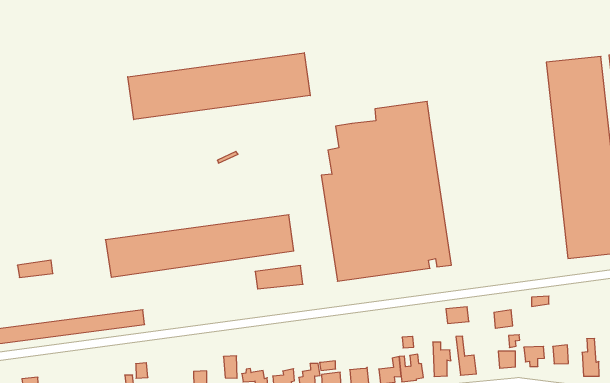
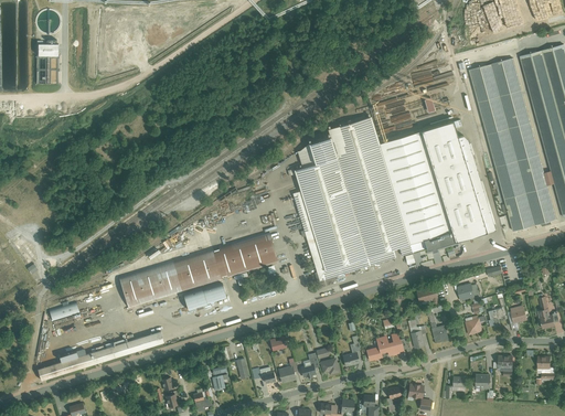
building: [128,53,310,120] -> none
building: none -> [381,120,497,253]
building: [255,266,303,289] -> [185,282,227,308]

